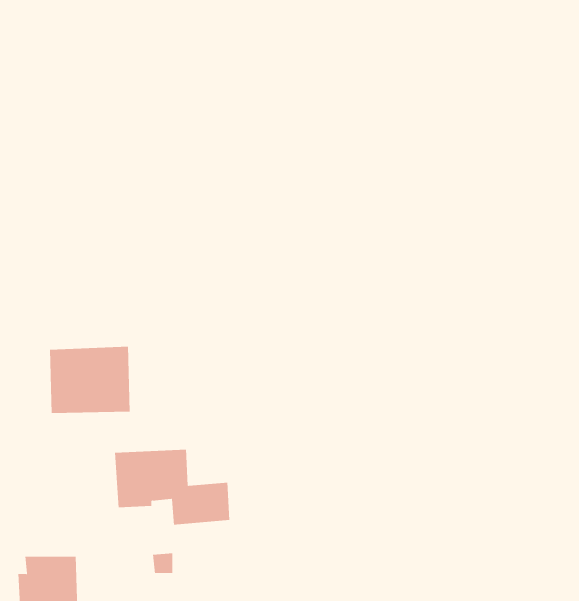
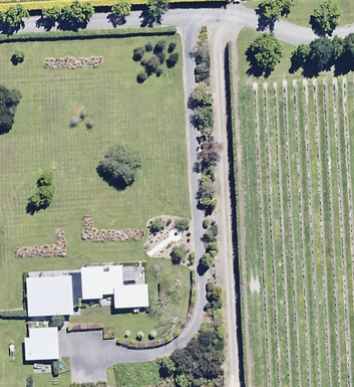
building: [49,346,130,413] -> [26,275,73,315]

